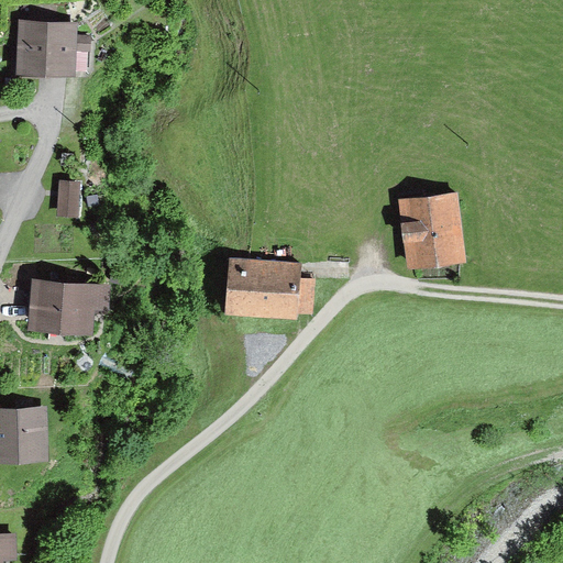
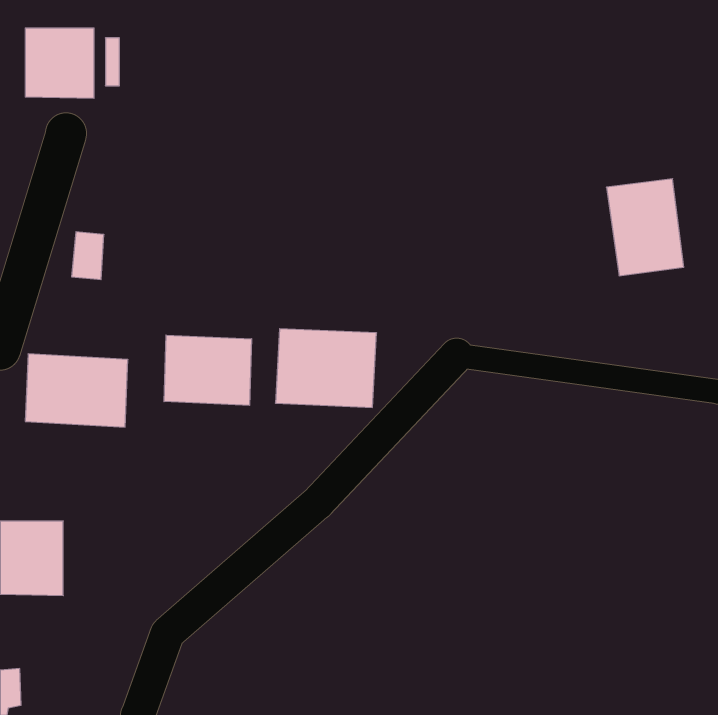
building: [402,192,463,268] -> [606,179,684,276]
building: none -> [164,335,252,405]

